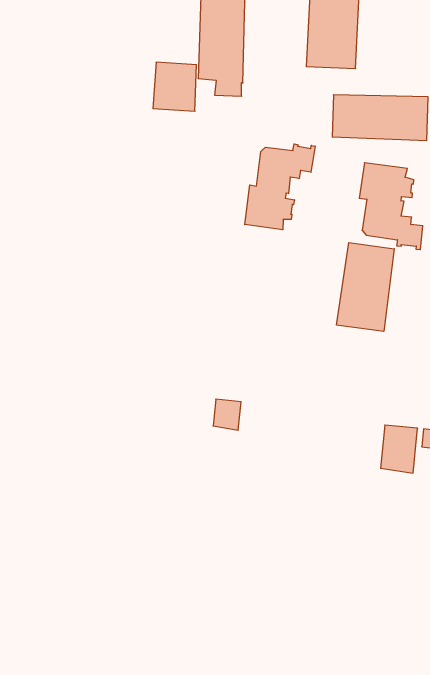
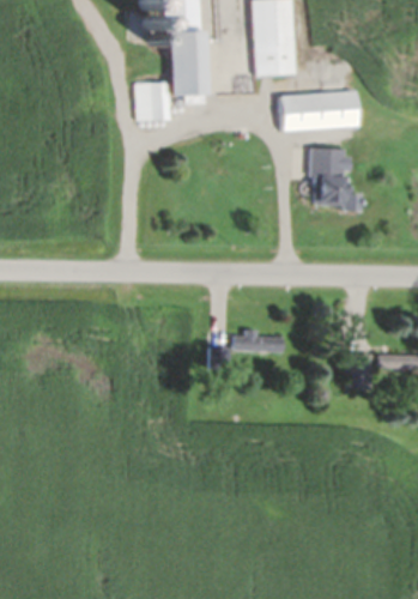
building: [245,144,315,230] -> none
building: [337,243,394,331] -> none
building: none -> [235,331,285,352]

